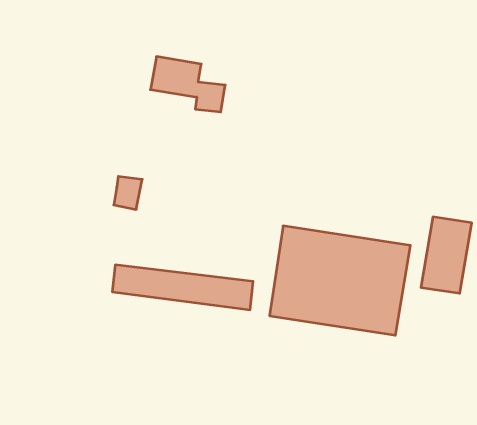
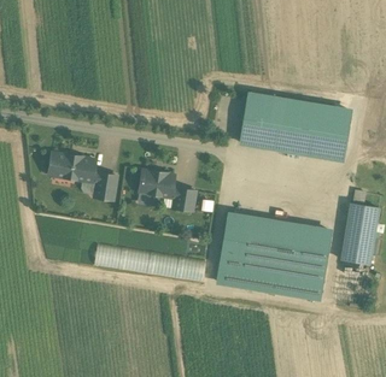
building: [150,57,225,112] -> [135,166,195,211]
building: none -> [238,92,352,163]
building: none -> [46,152,95,181]

